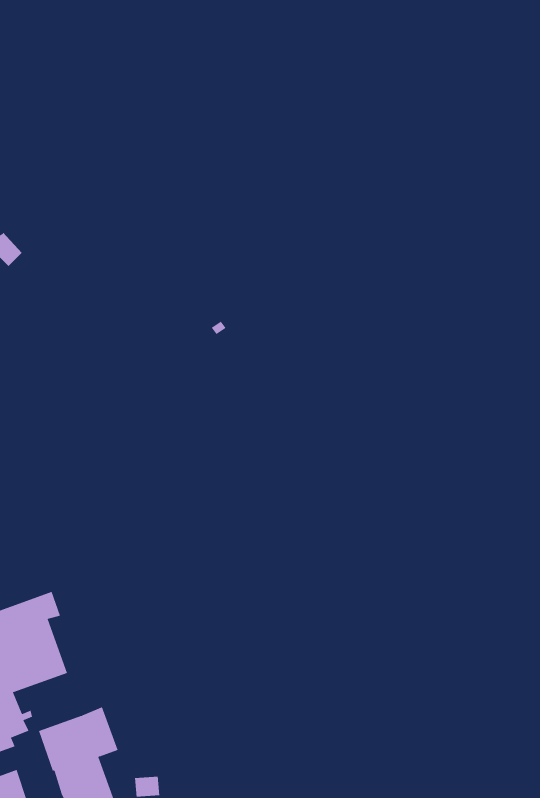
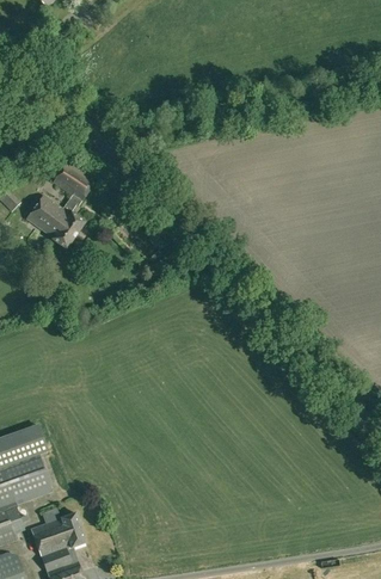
building: none -> [26,160,96,250]

